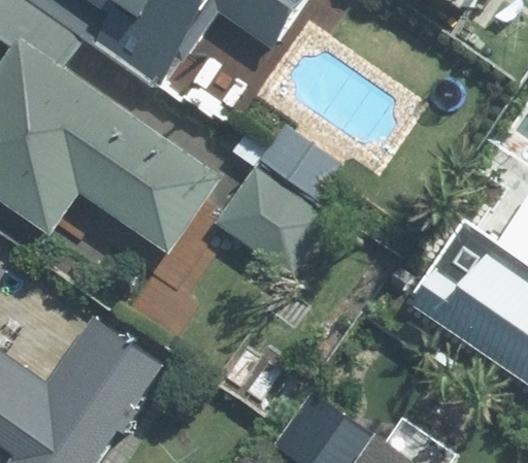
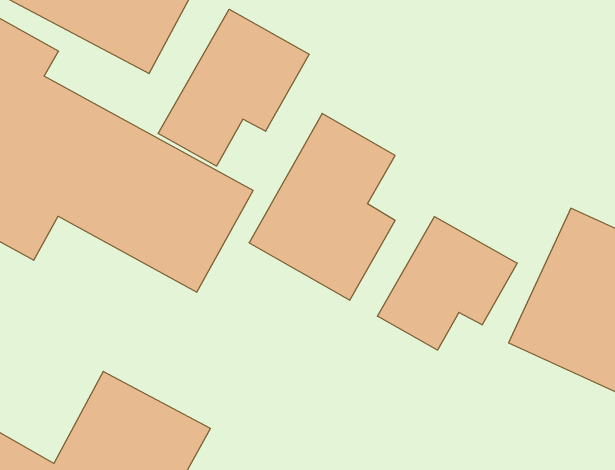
building: none -> [158,9,309,166]
building: none -> [377,217,517,350]

